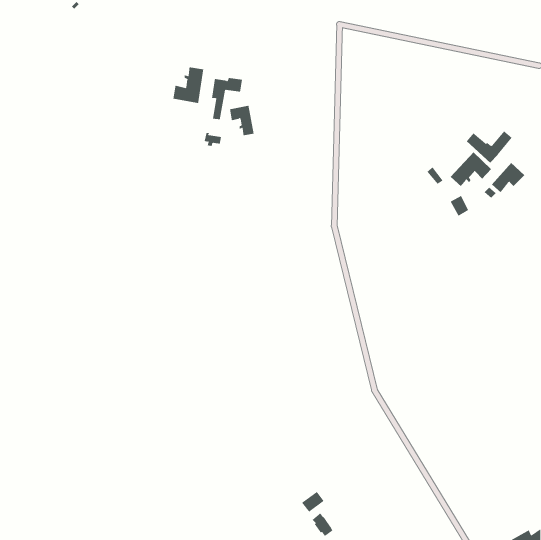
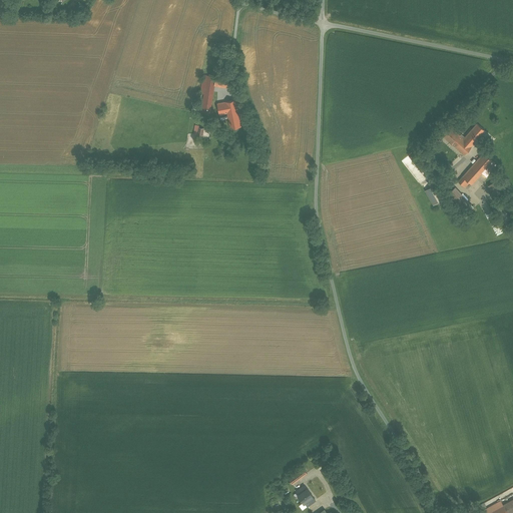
building: [173,67,204,104] -> none
building: [450,151,492,187] -> none

